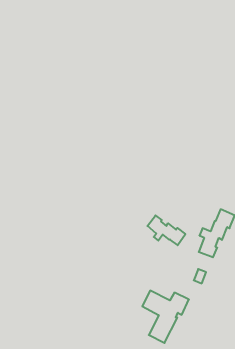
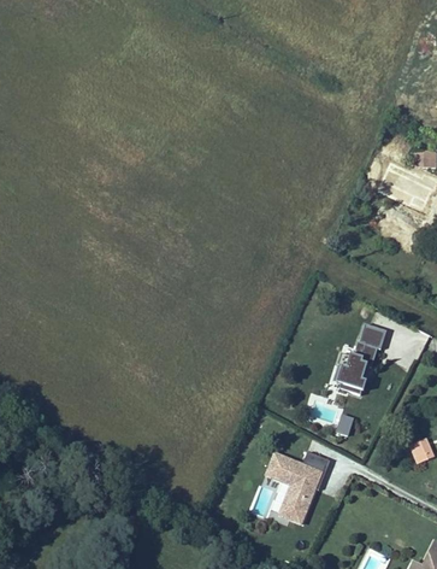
building: [147,215,185,245] -> none

